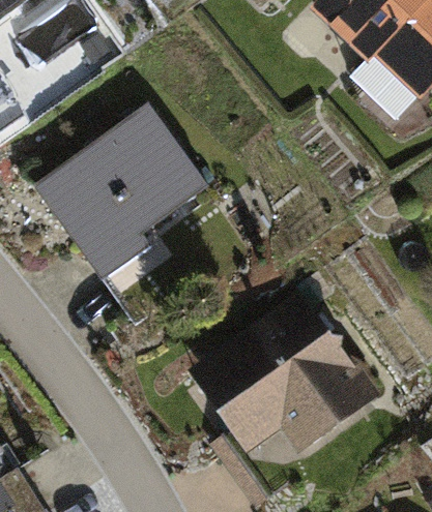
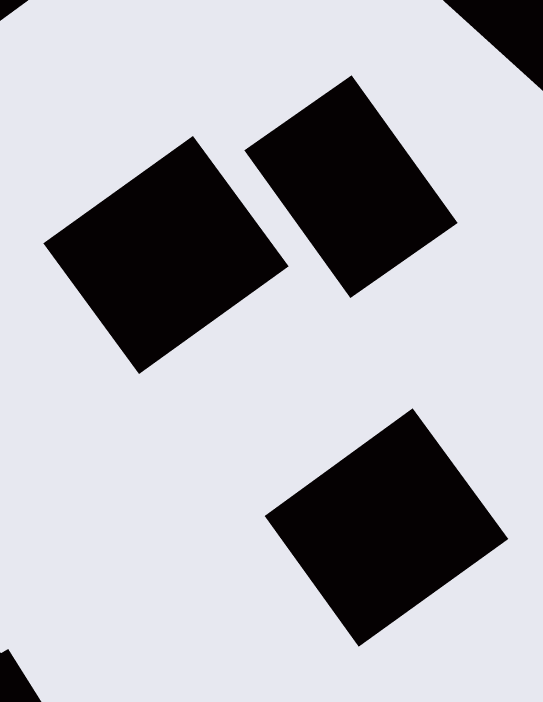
building: none -> [243,74,459,299]

